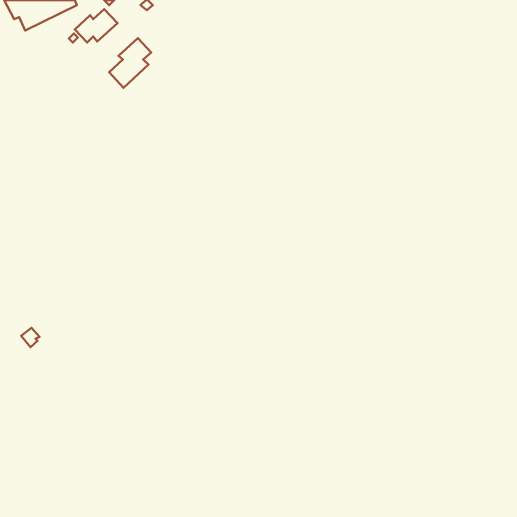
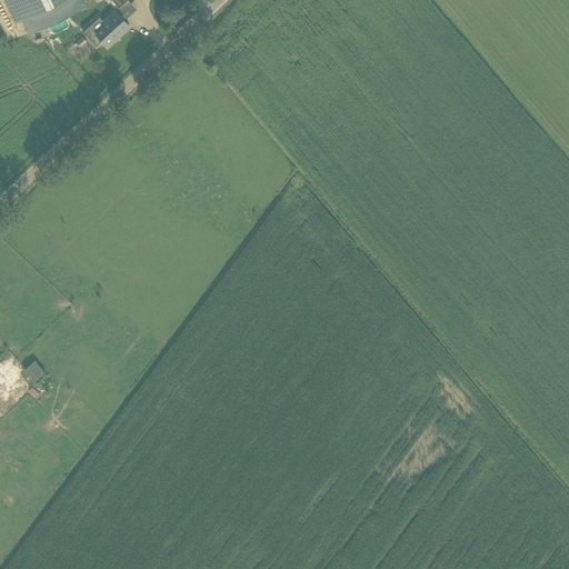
building: [109,38,151,88] -> none

